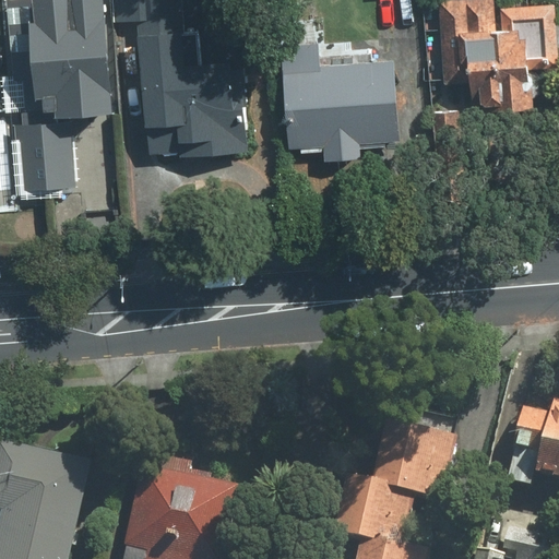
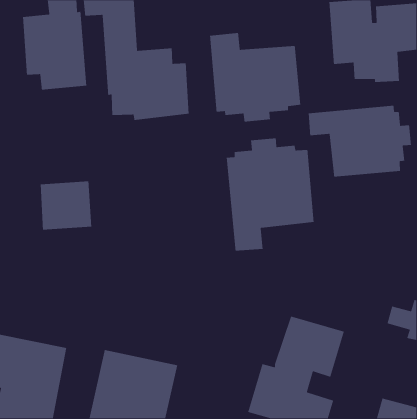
building: [10,119,80,186] -> [40,180,92,231]
building: none -> [308,105,412,177]
building: none -> [226,137,314,252]

